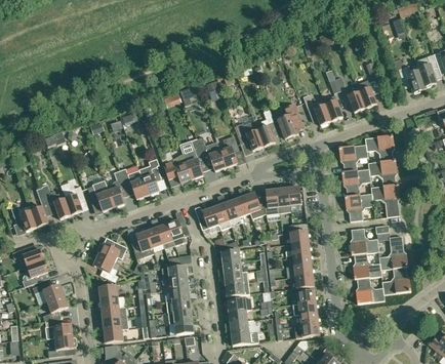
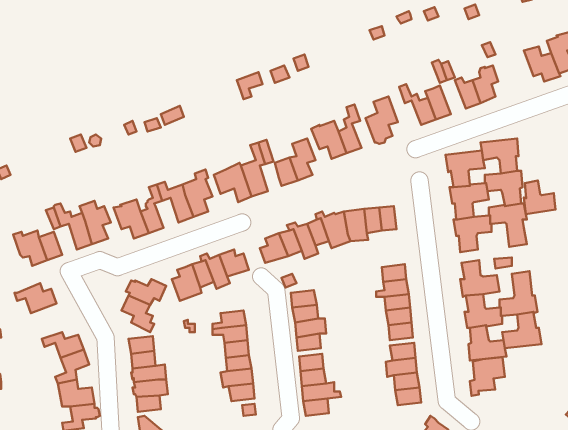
building: none -> [524,181,556,214]
building: [23,260,48,287] -> none
building: none -> [470,357,505,396]

